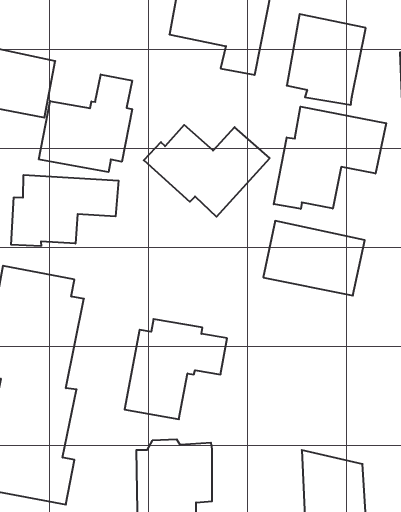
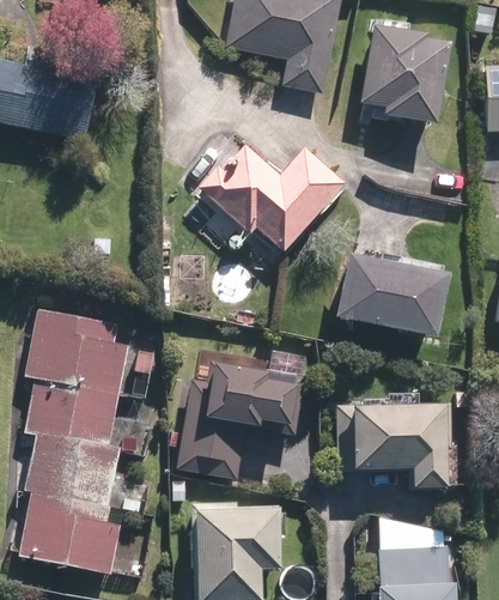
building: [39,74,132,172] -> none
building: [274,107,386,209] -> none
building: [11,175,119,246] -> none
building: none -> [341,400,452,489]

